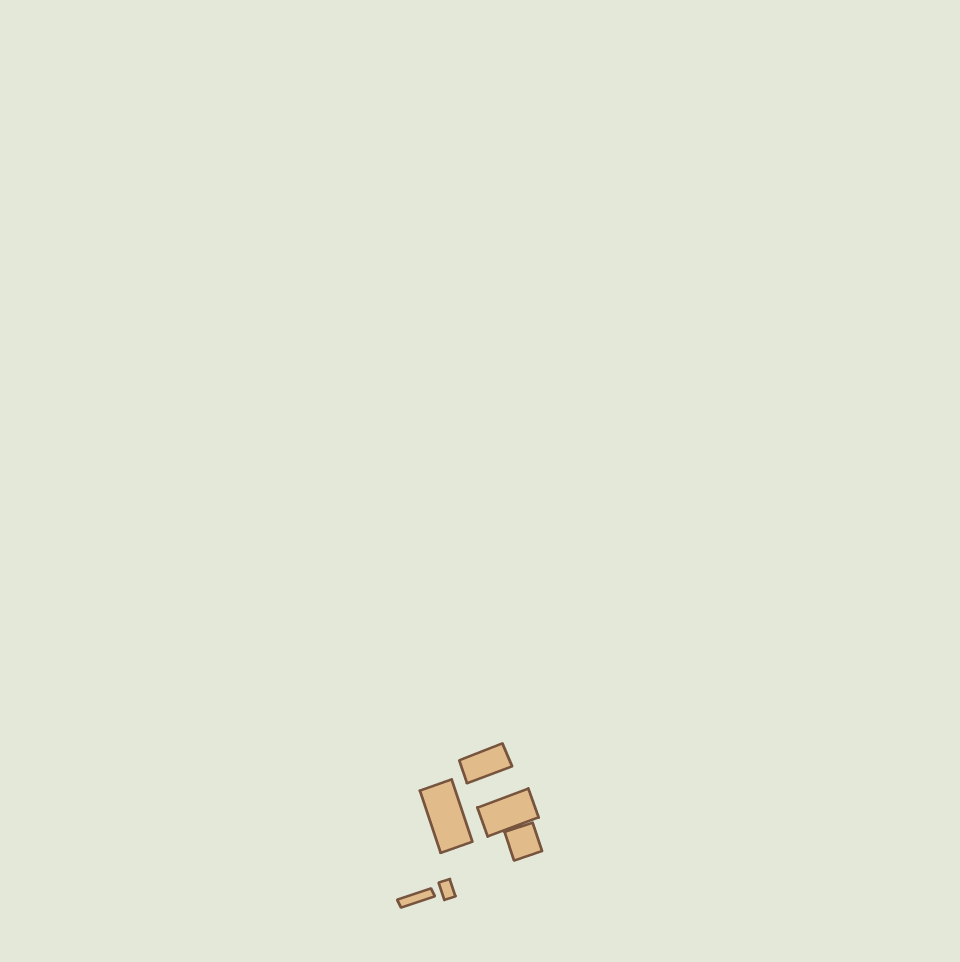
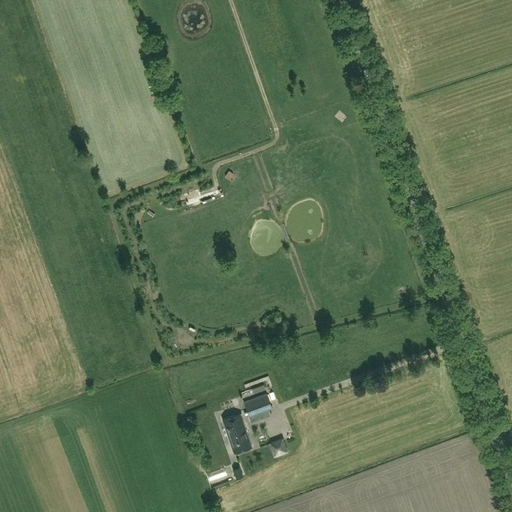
building: [477,788,539,837] -> none

